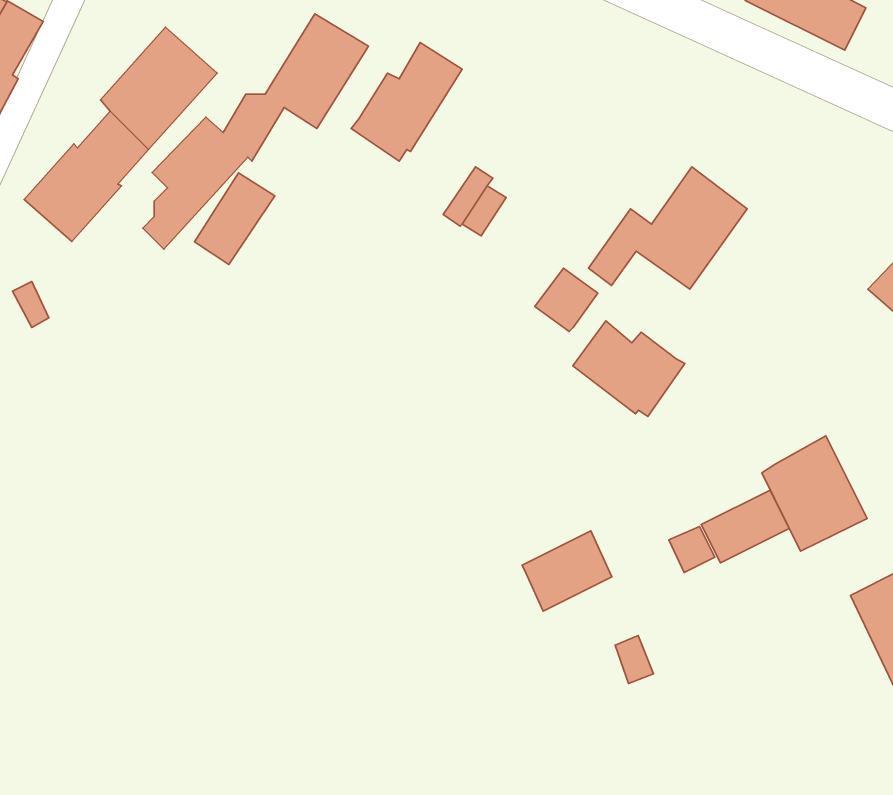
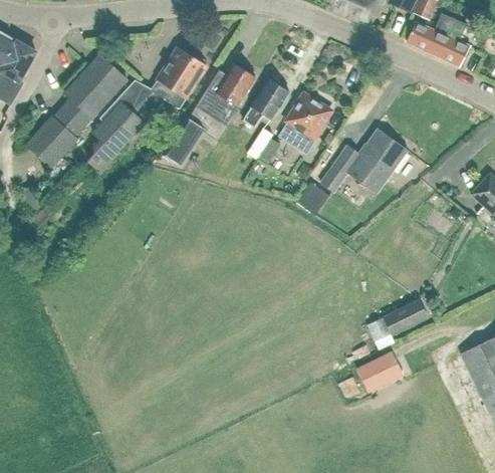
building: none -> [243,78,290,126]
building: none -> [280,92,332,147]
building: [194,173,275,265] -> [161,116,203,165]
building: [573,321,685,417] -> none
building: [762,436,867,551] -> none
building: [522,531,612,611] -> [354,349,402,392]

